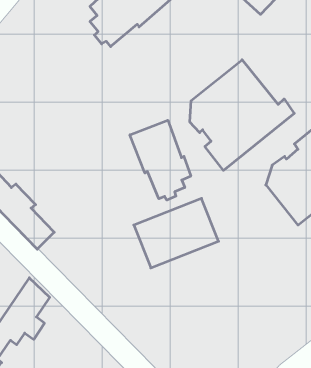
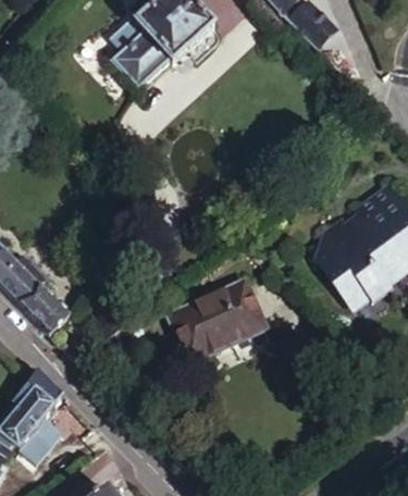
building: [190,60,294,170] -> none
building: [130,120,191,200] -> none

